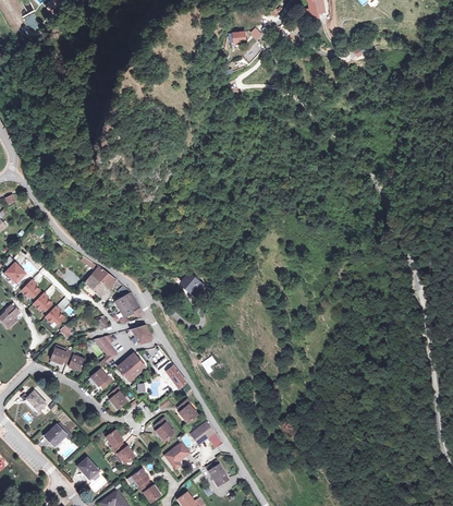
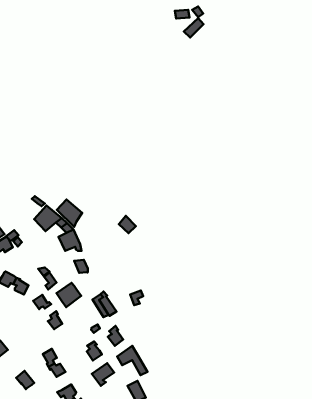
building: none -> [57,200,82,227]

